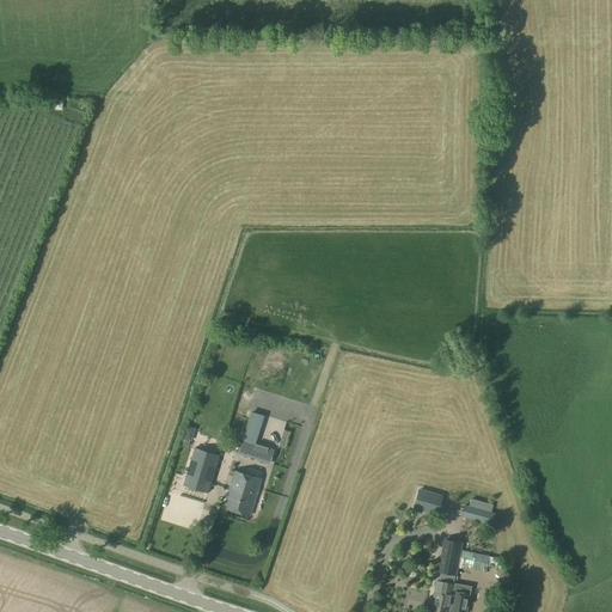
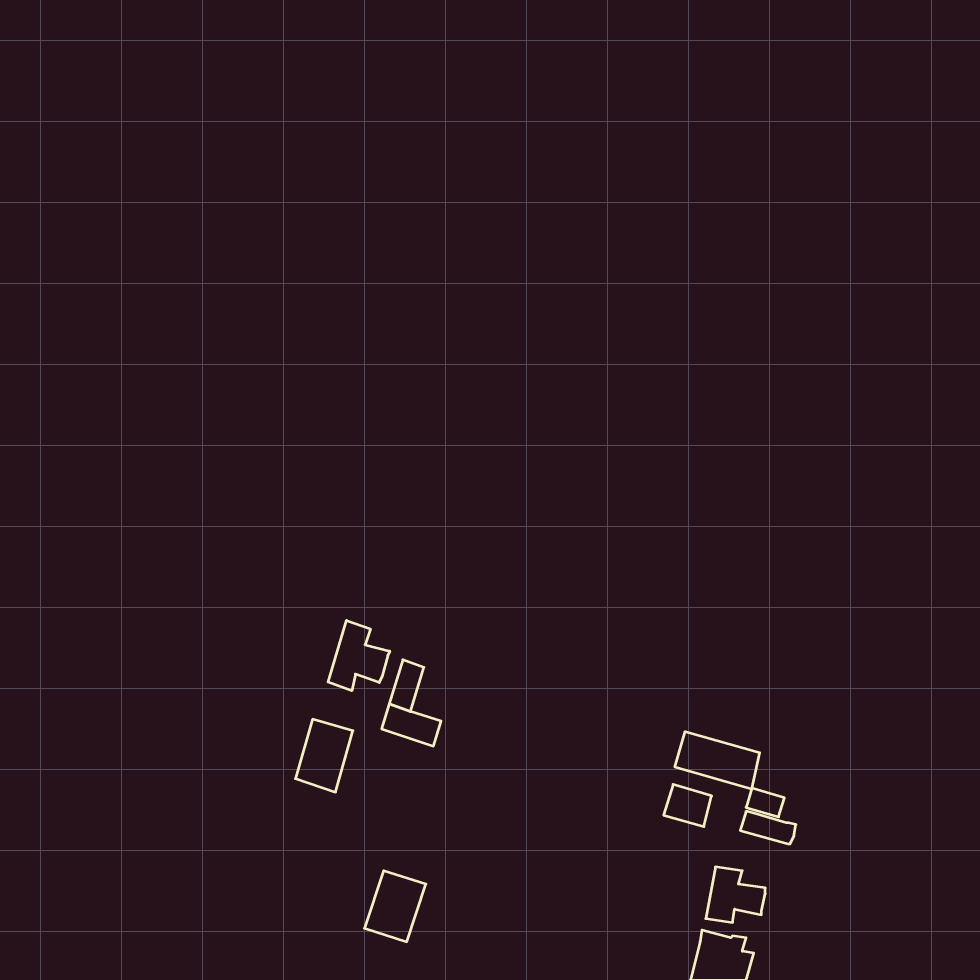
building: none -> [328,620,390,691]
building: none -> [675,732,760,789]
building: [224,471,262,515] -> [364,871,426,942]

